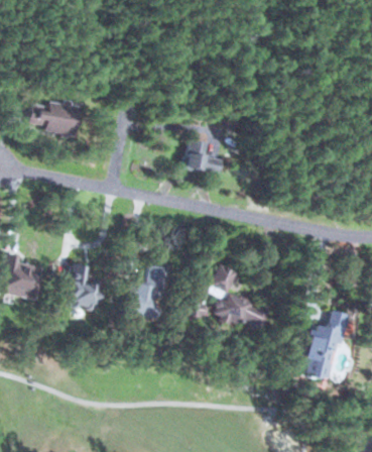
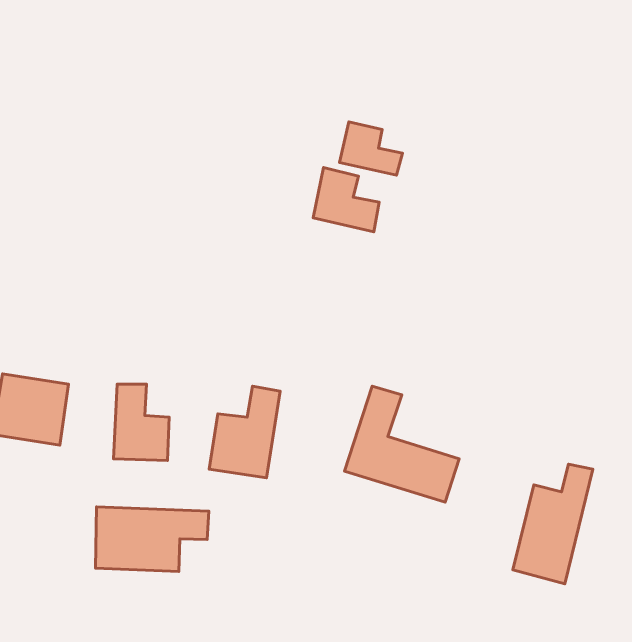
building: [30,100,83,136] -> none
building: none -> [339,122,403,175]
building: none -> [95,507,209,571]

